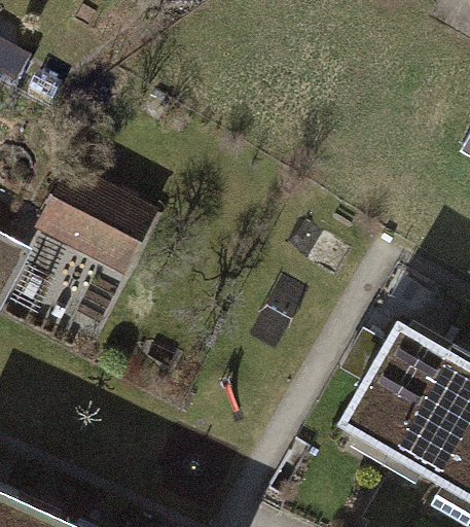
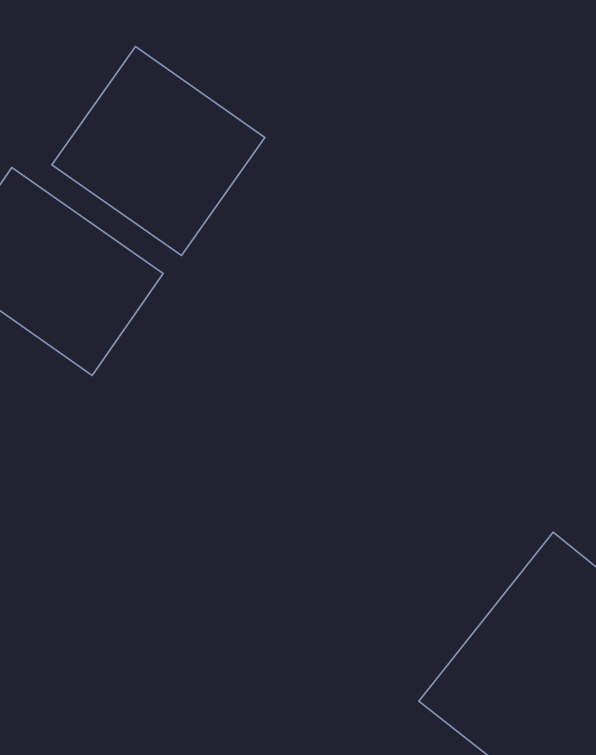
building: none -> [52,47,265,256]

